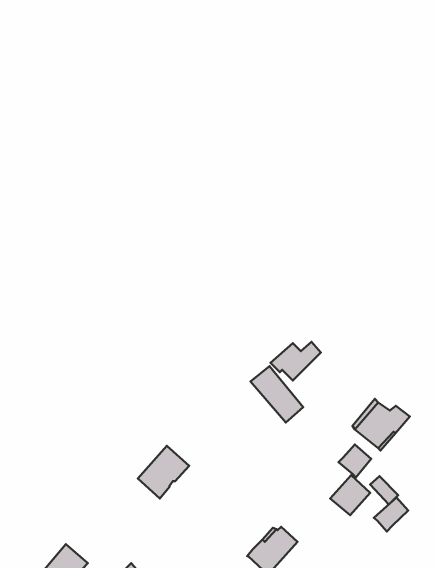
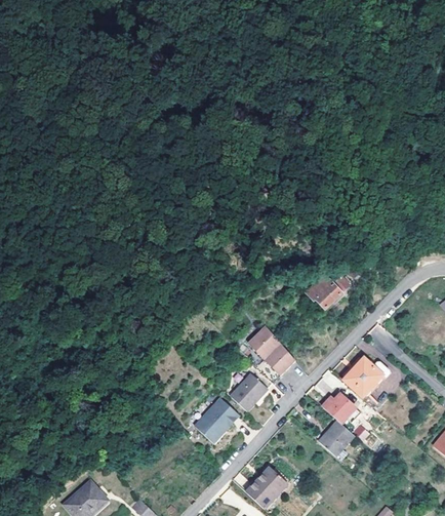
building: [271,342,321,381] -> [307,274,351,308]
building: none -> [231,367,271,410]
building: [138,446,189,499] -> [196,397,241,443]
building: [374,498,408,532] -> none

